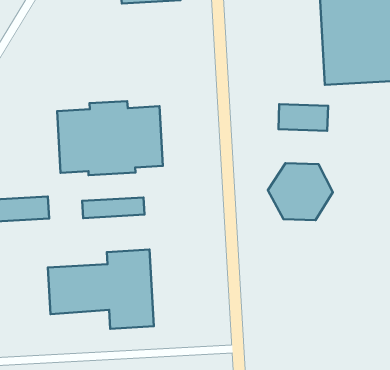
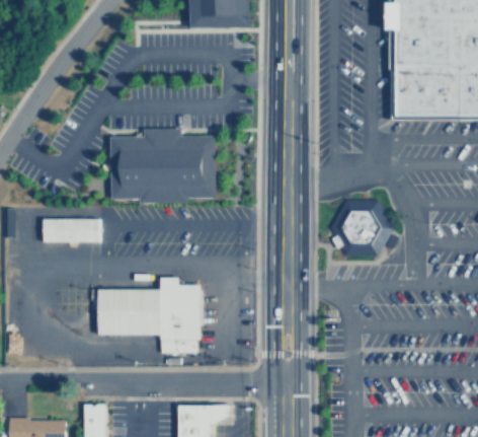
building: [278,104,328,131] -> none
building: [82,197,145,218] -> none

